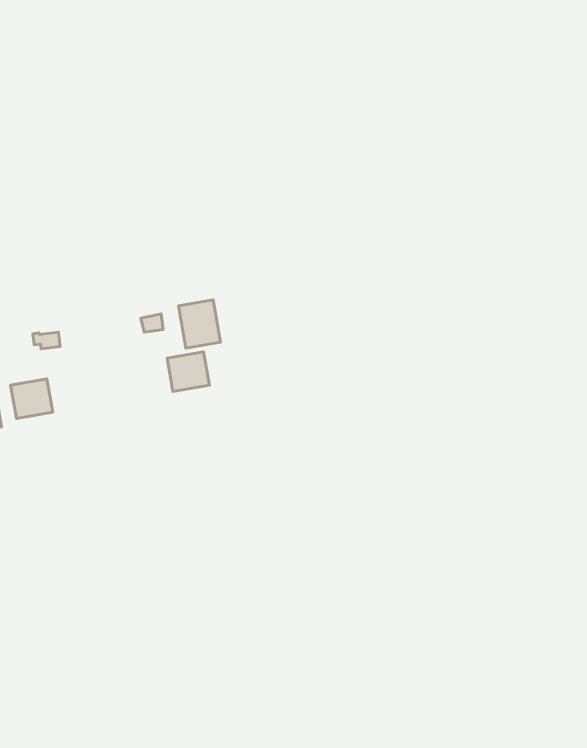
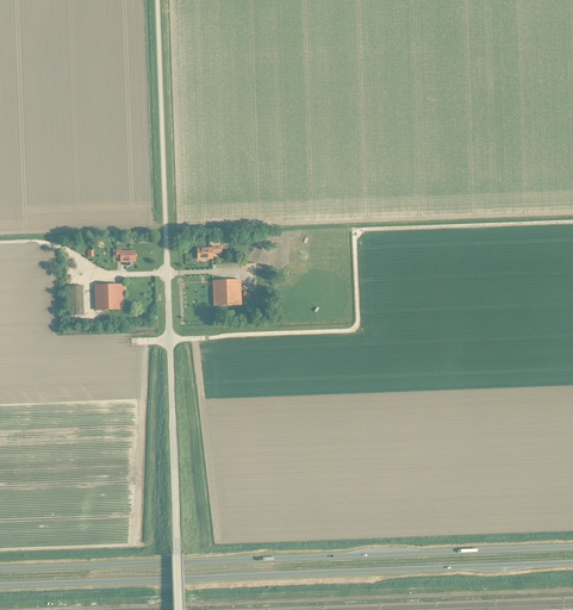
building: [178,300,221,348] -> none

